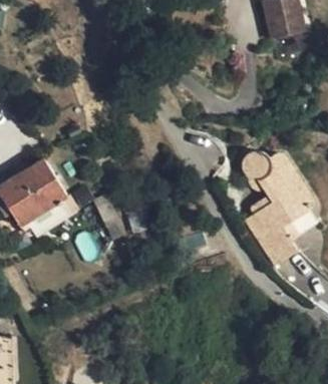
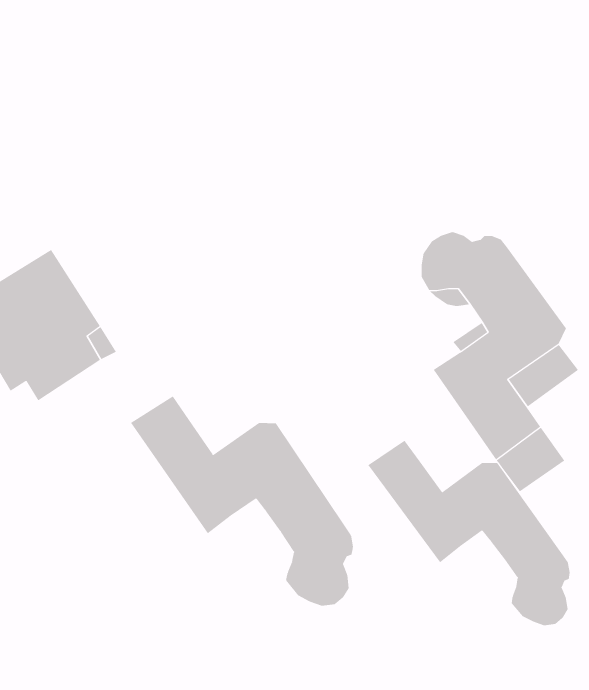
building: none -> [130,395,353,606]
building: none -> [367,440,570,626]

